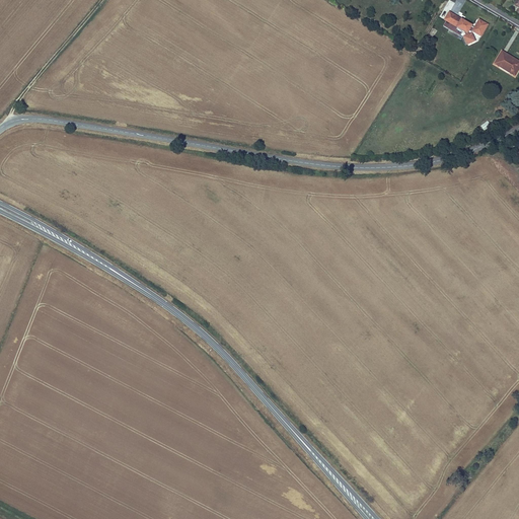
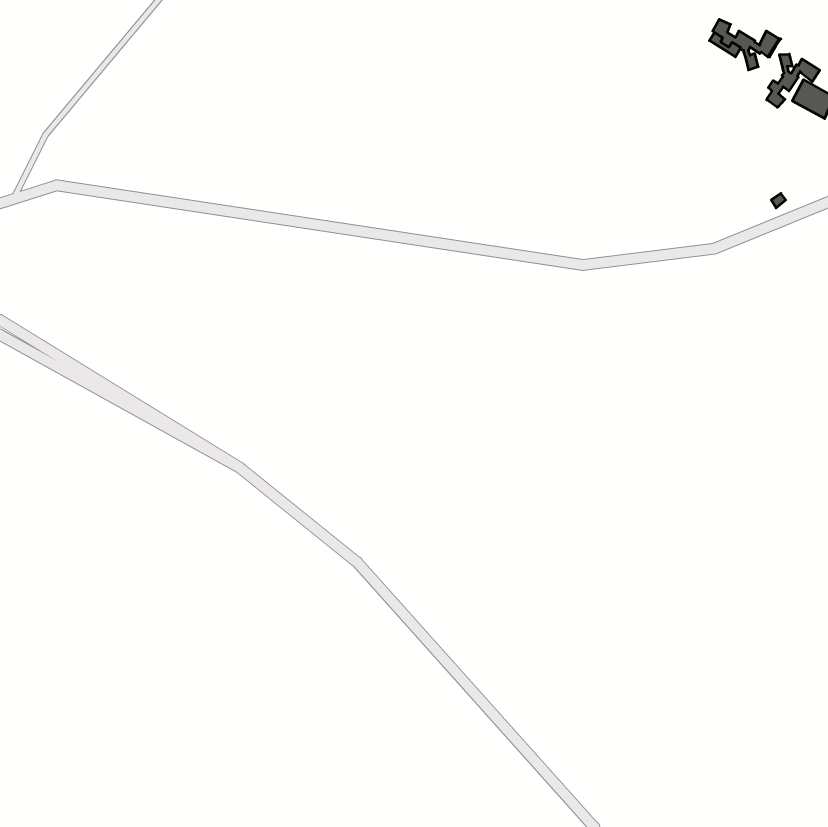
building: none -> [767,54,820,107]

